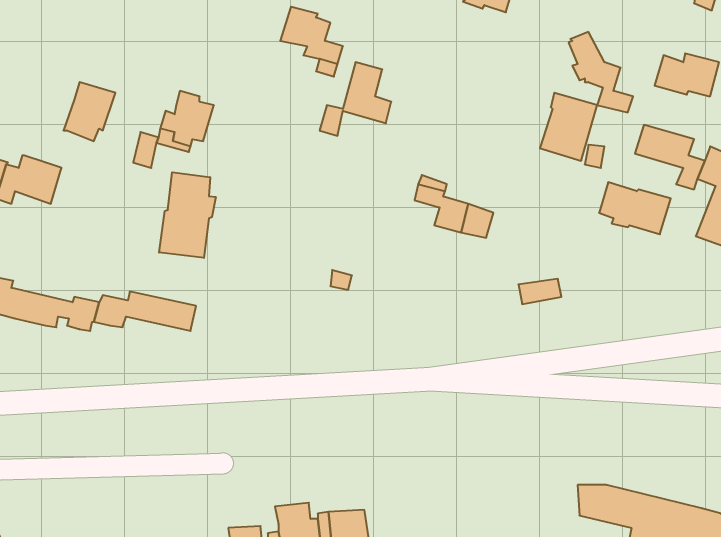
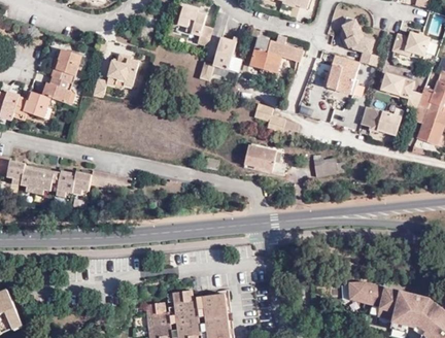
building: none -> [250,34,302,73]
building: none -> [42,76,73,102]
building: [159,172,216,258] -> none
building: none -> [244,144,284,173]

